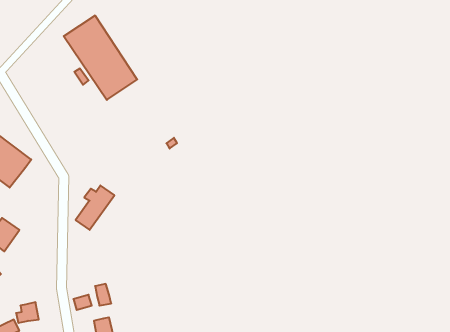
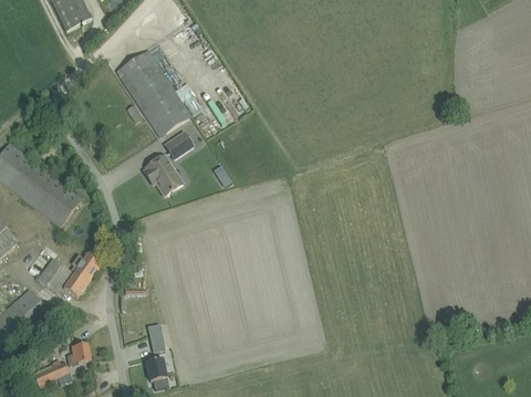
building: none -> [164,129,194,157]
building: none -> [143,155,183,196]
building: [76,185,114,230] -> [62,251,102,296]

